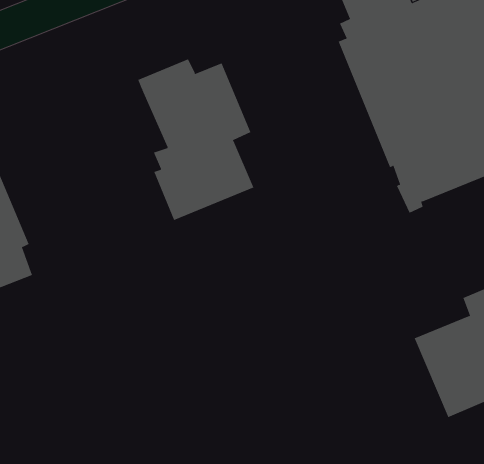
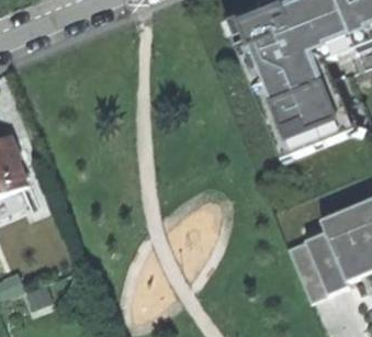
building: [138,59,254,221] -> none

